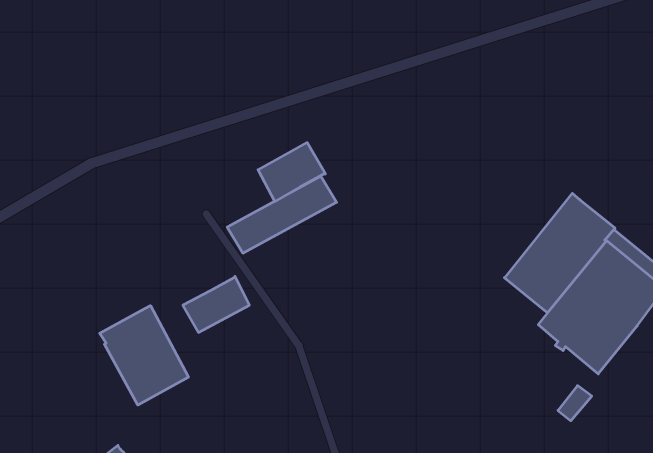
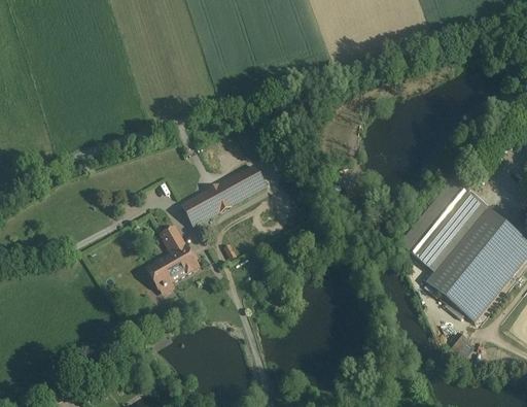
building: [258,143,325,201] -> none
building: none -> [157,226,187,256]
building: [100,306,188,405] -> none

